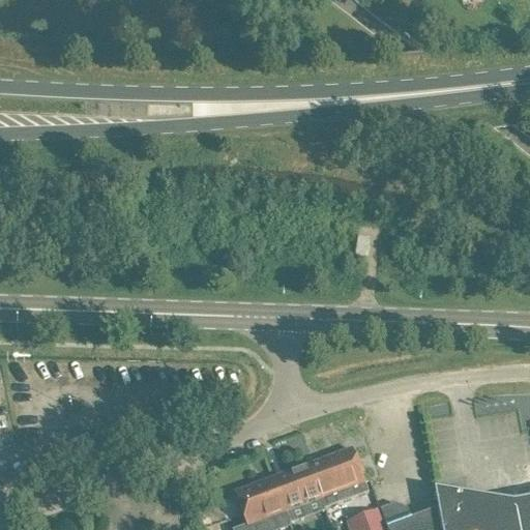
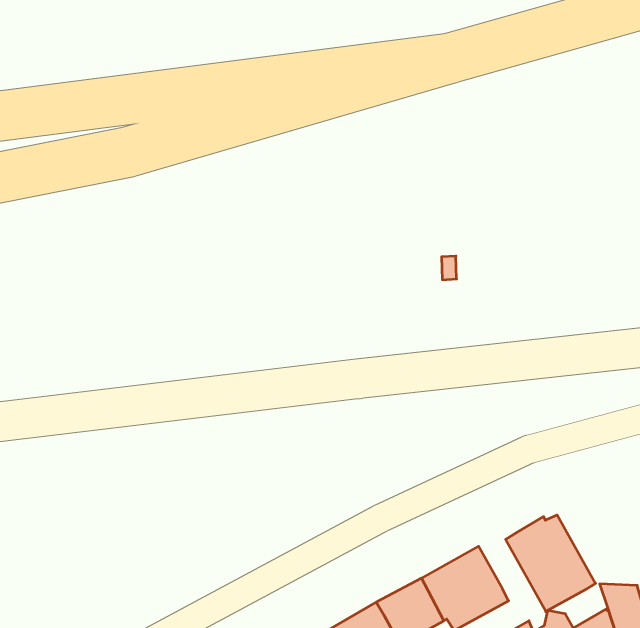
building: none -> [506,515,596,612]

